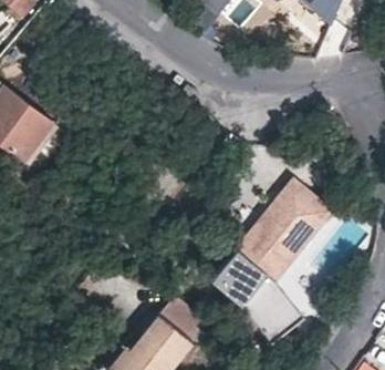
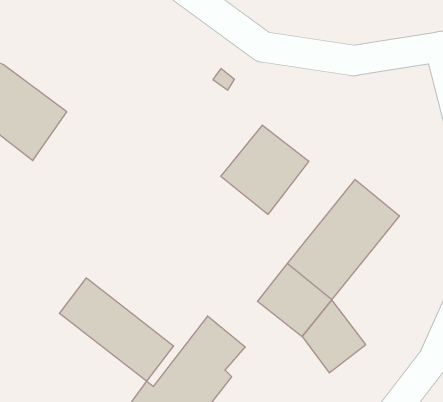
building: none -> [221,125,309,214]
building: none -> [59,278,174,381]

